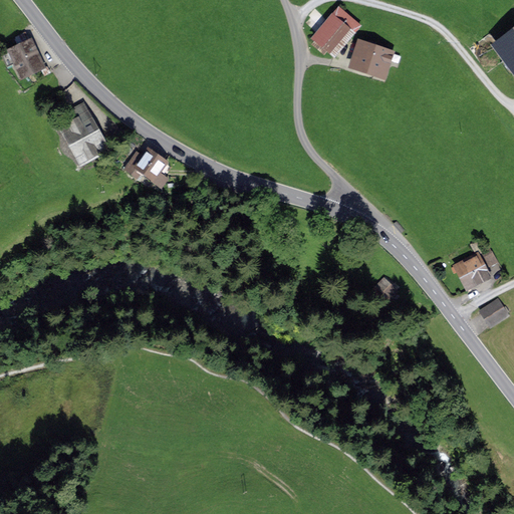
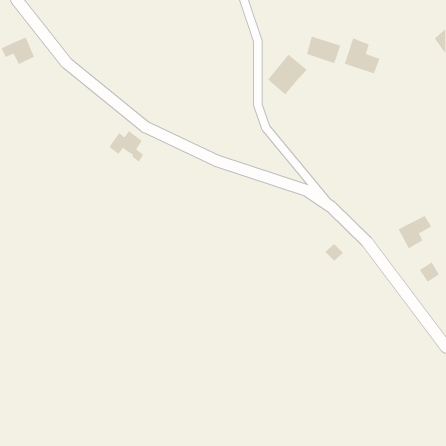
building: [313,7,359,54] -> [267,54,307,95]
building: none -> [344,37,380,74]
building: [63,114,102,160] -> none

